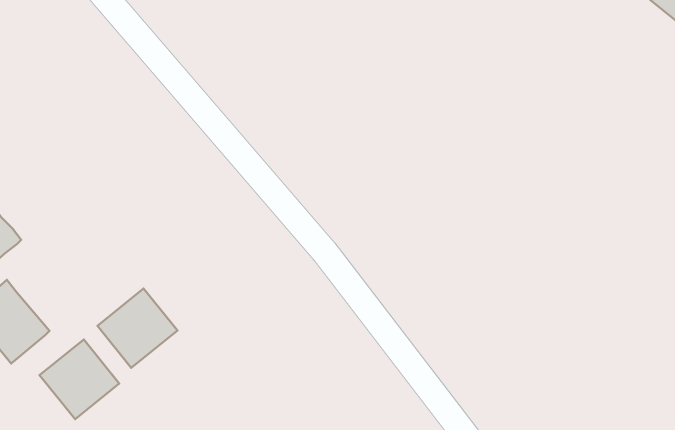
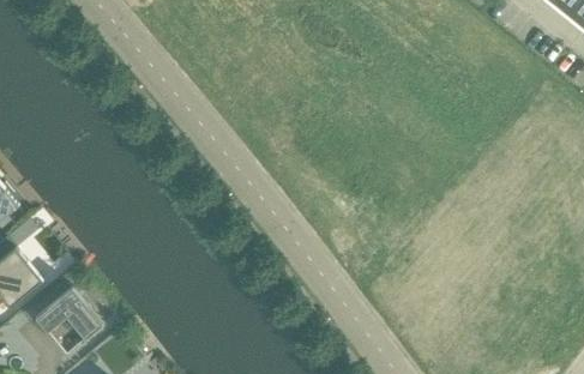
building: [97,289,177,368] -> none

